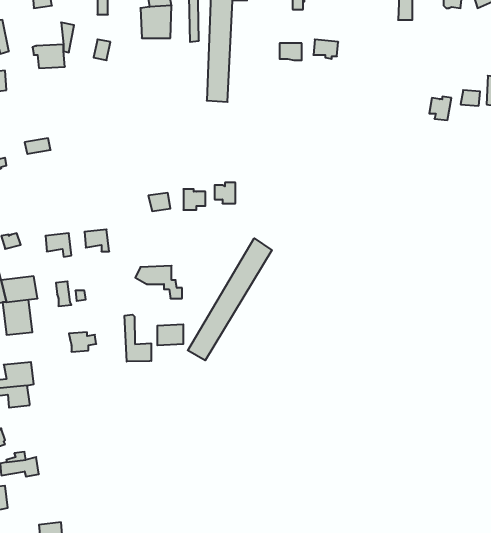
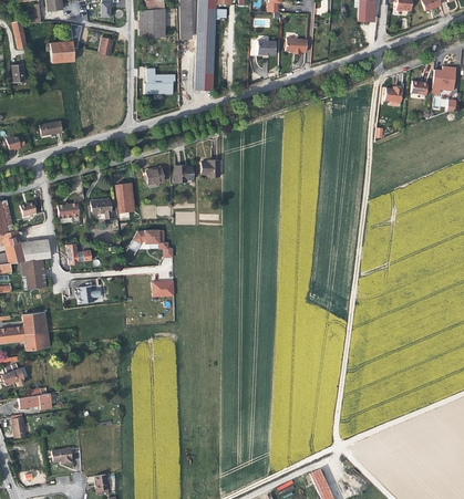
building: none -> [145,69,175,94]
building: none -> [115,183,135,218]
building: [188,238,272,360] -> none
building: [125,315,151,362] -> none

